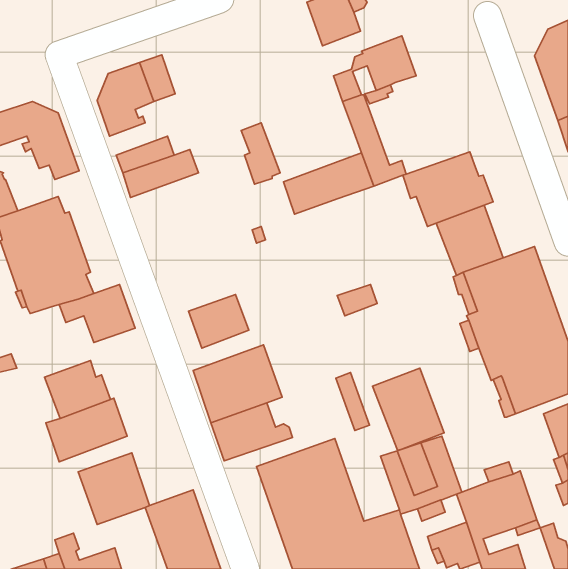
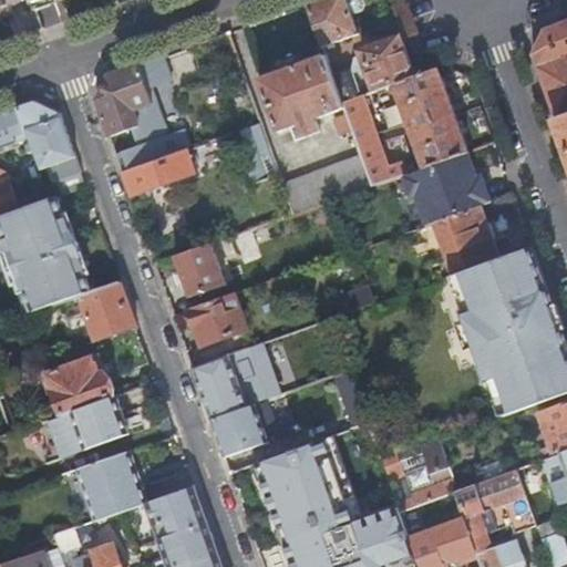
building: none -> [259,54,350,138]
building: none -> [392,66,467,166]
building: none -> [174,243,226,297]
building: [372,368,444,450] -> none

